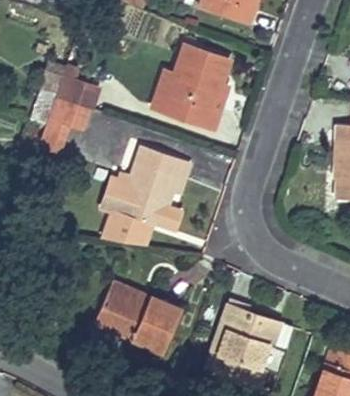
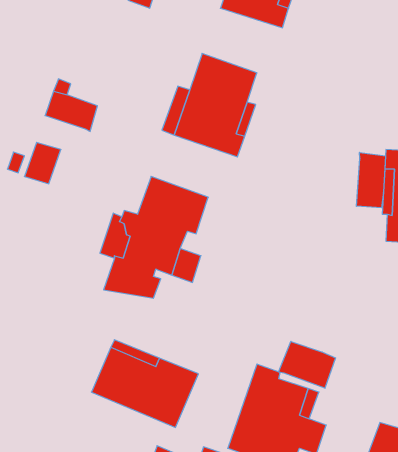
building: [48,96,88,127] -> none
building: none -> [356,152,385,208]
building: none -> [279,341,335,388]

